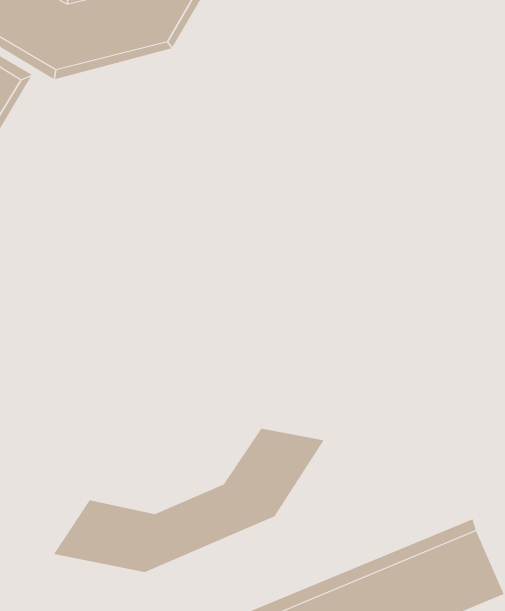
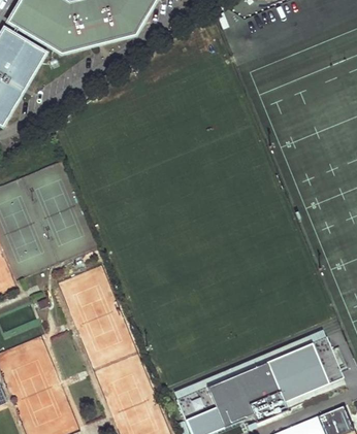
building: [53,428,325,573] -> none

